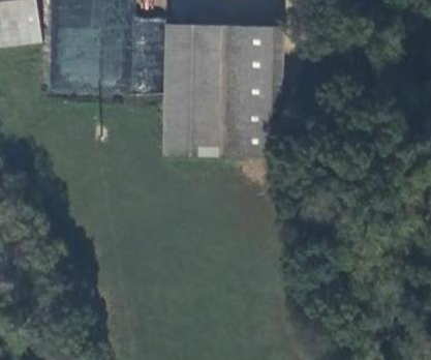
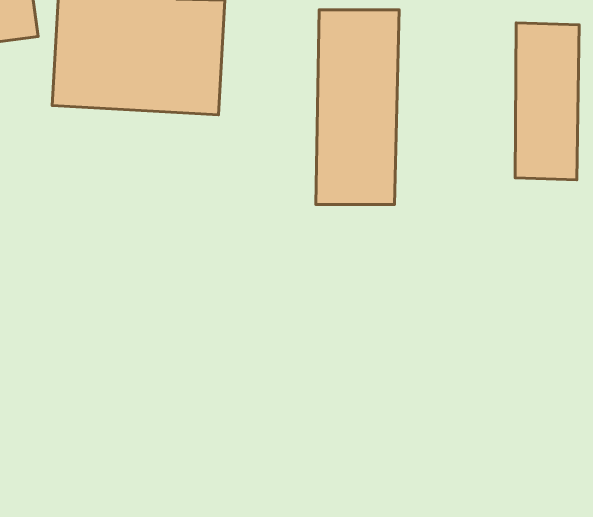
building: [170,23,225,153] -> none
building: none -> [515,23,579,180]

